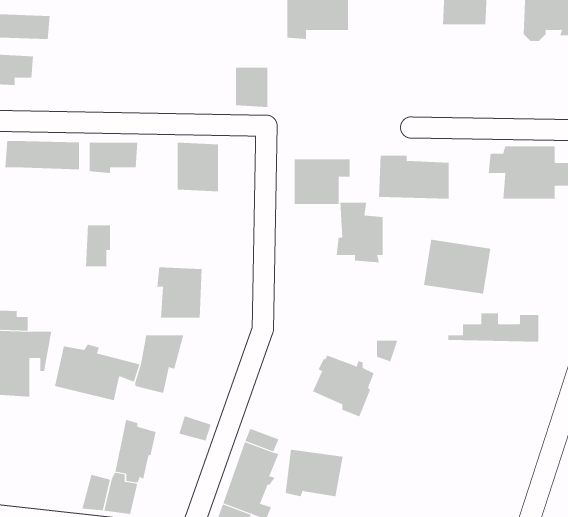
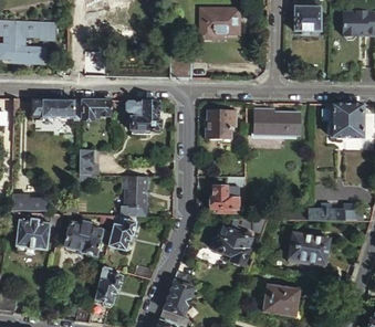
building: [336,202,384,263] -> [211,176,240,212]
building: [423,239,491,294] -> [290,231,331,264]
building: [285,449,343,497] -> [264,285,300,314]

